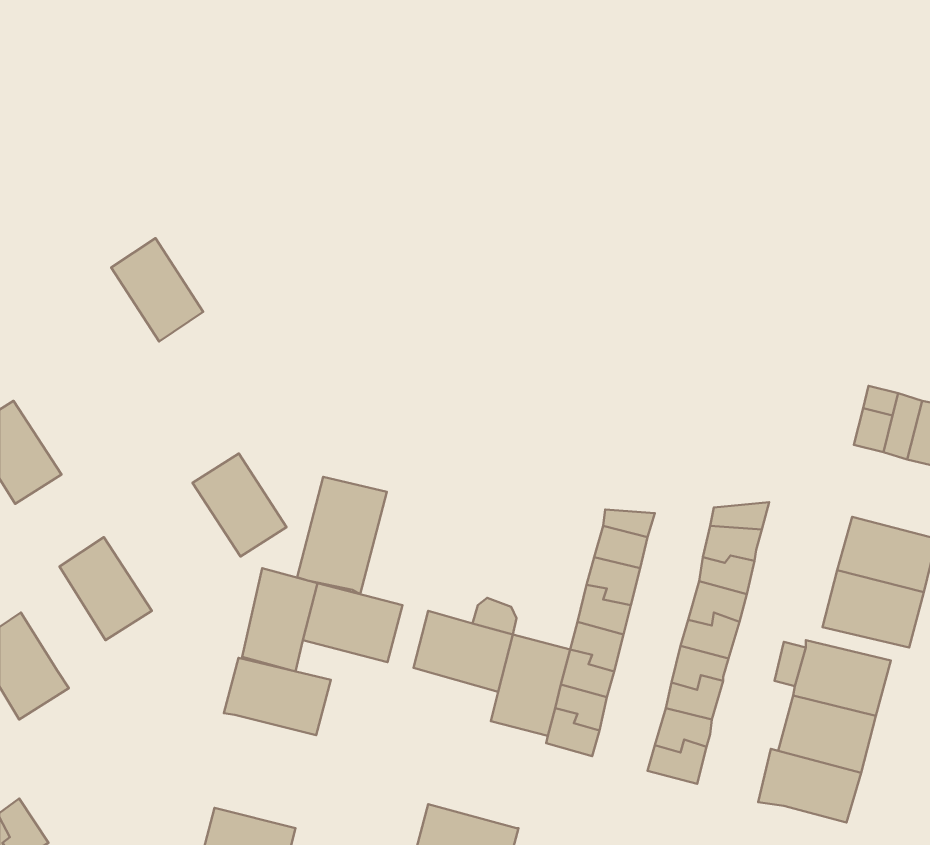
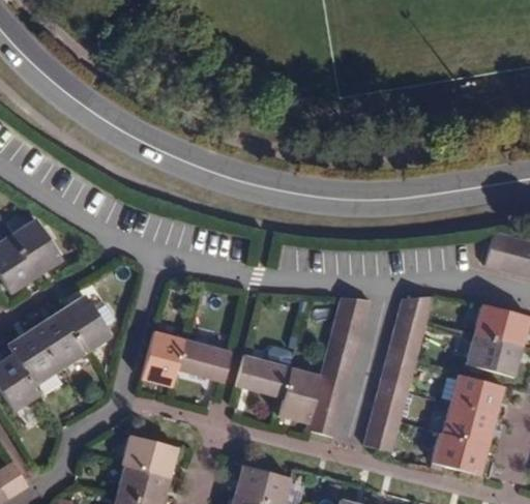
building: [111,238,203,341] -> [10,219,62,277]
building: [193,453,287,557] -> [61,296,114,354]
building: [297,477,387,594] -> none
building: none -> [8,329,62,388]
building: [224,658,331,735] -> [117,433,177,476]

